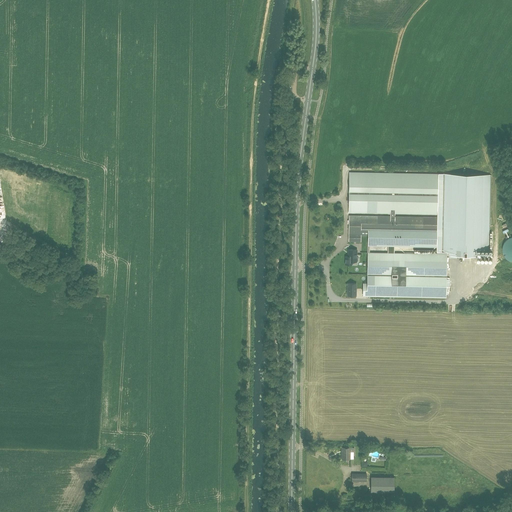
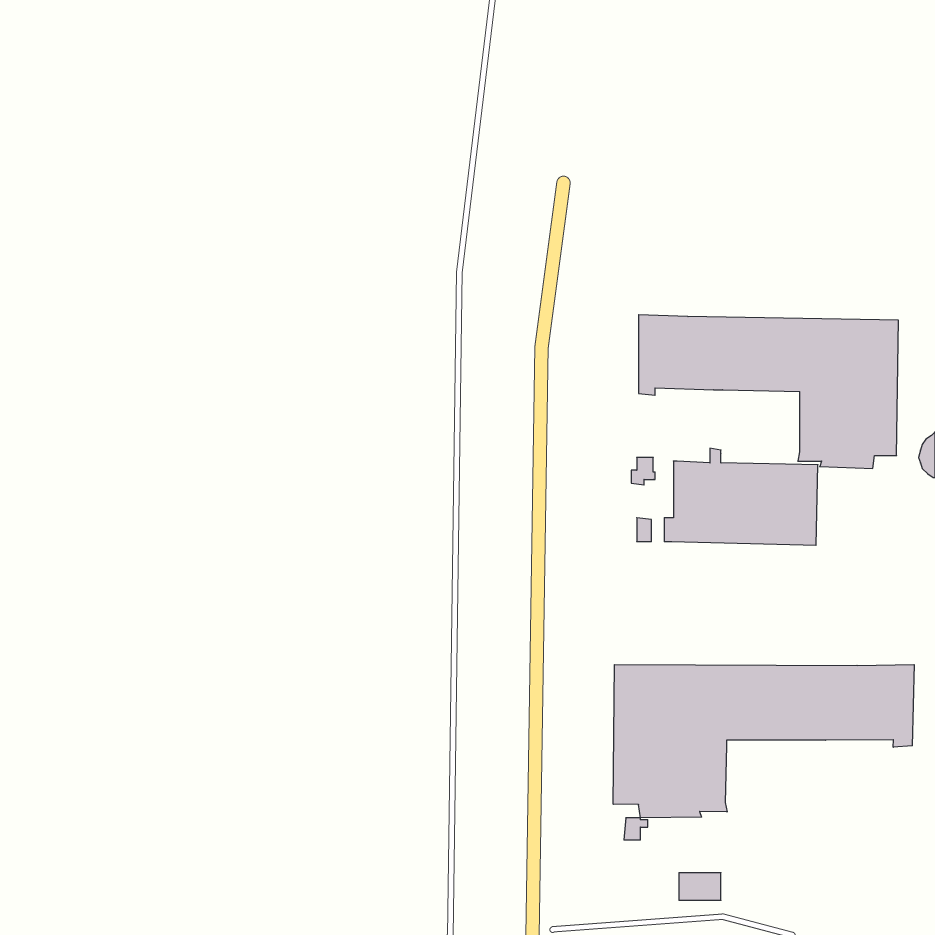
building: [348,213,437,252] -> none
building: none -> [613,665,914,818]

